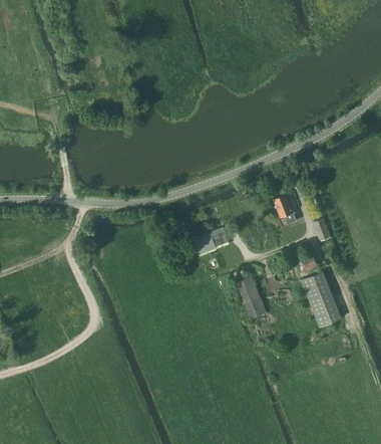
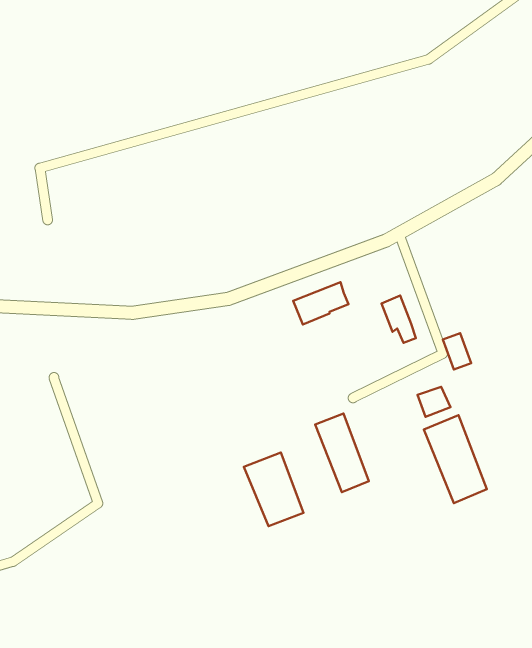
building: [194,227,229,254] -> [293,282,348,325]
building: none -> [244,453,304,526]

